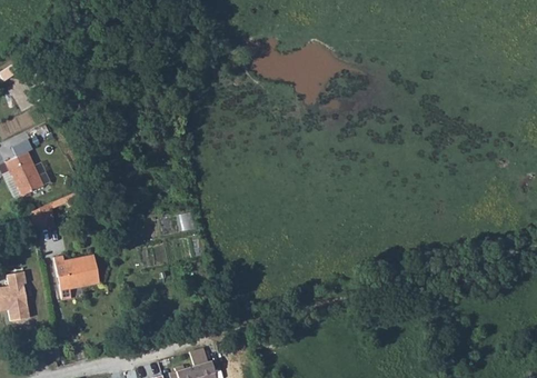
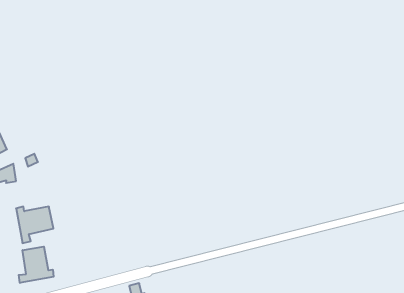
building: none -> [19,247,54,283]

